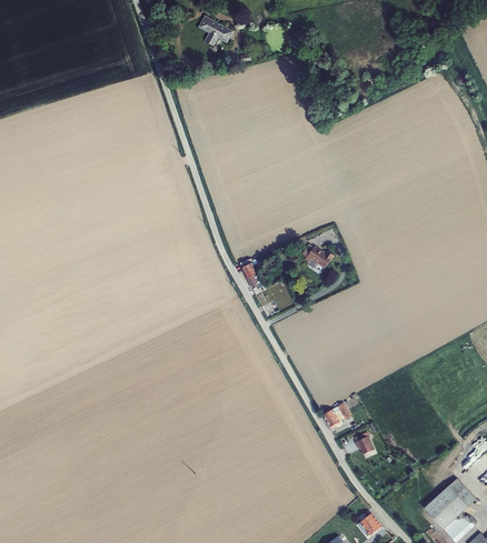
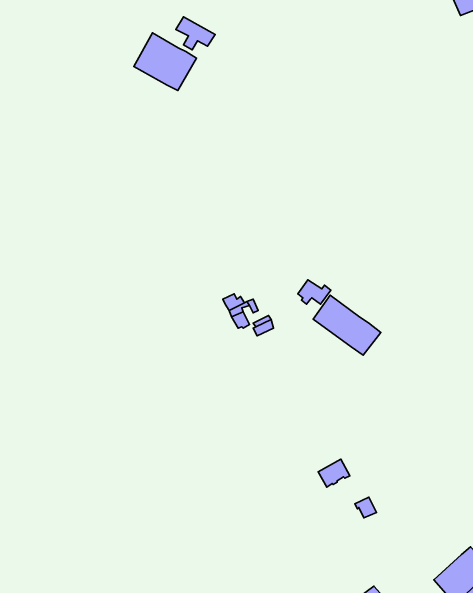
building: none -> [134,33,197,91]
building: none -> [313,295,381,355]

